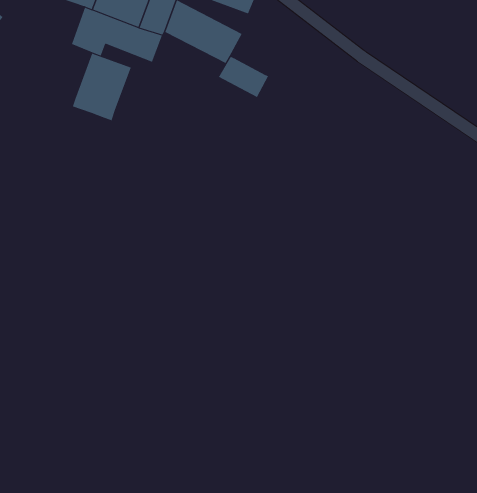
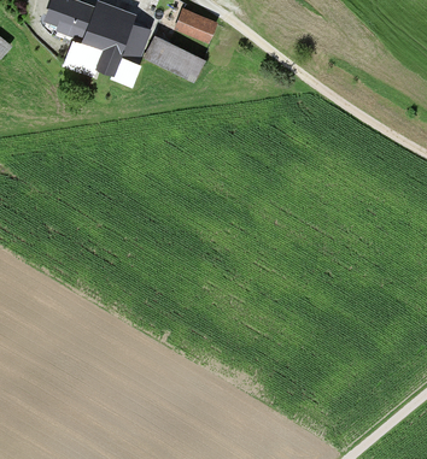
building: [72,53,132,121] -> none
building: [218,56,269,98] -> none

